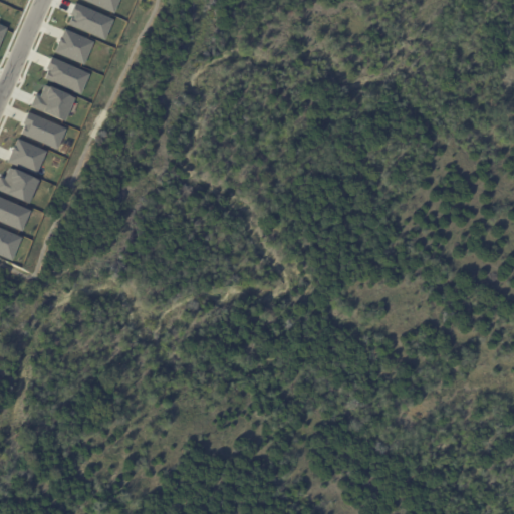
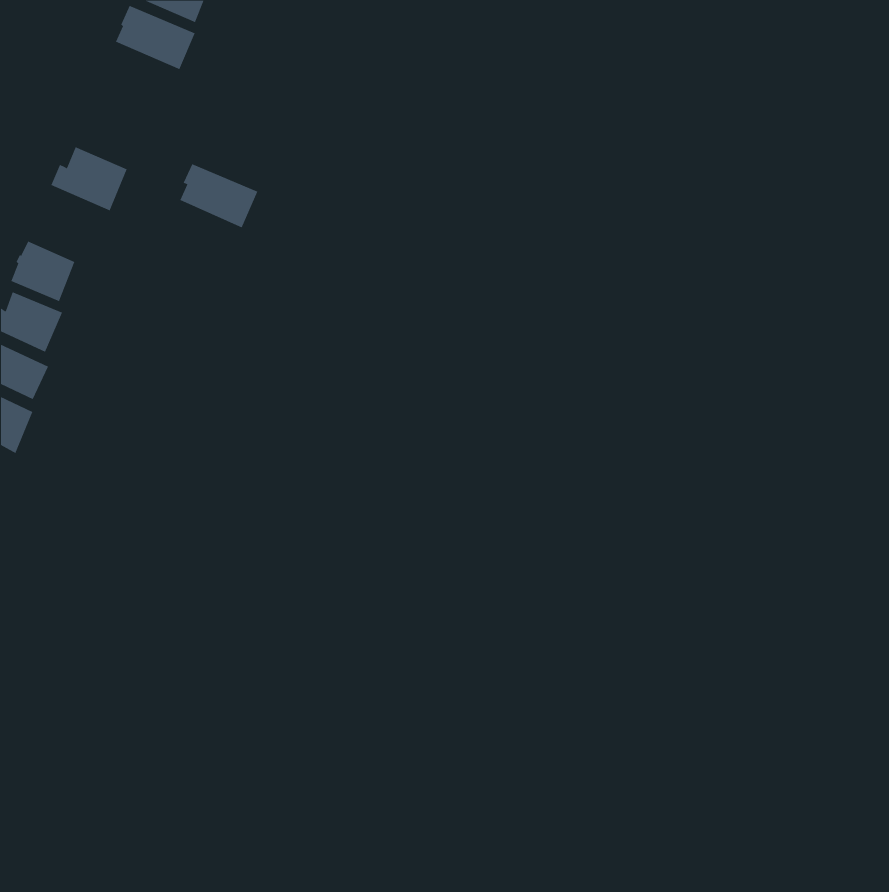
building: [55,28,94,64] -> none
building: [45,57,90,94] -> [179,164,258,228]
building: [21,112,65,149] -> none

